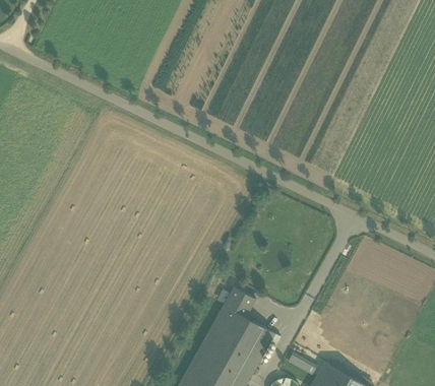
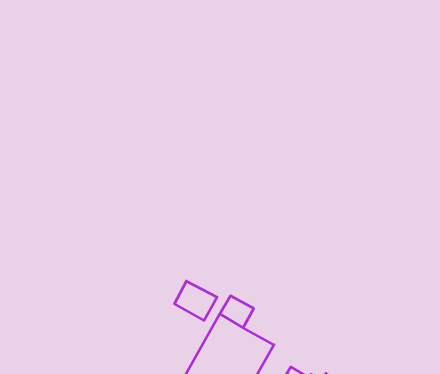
building: none -> [175,281,217,320]

